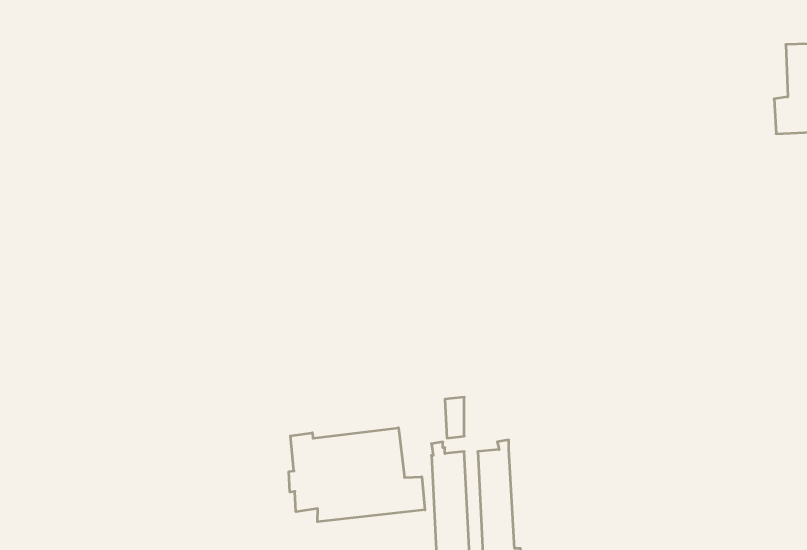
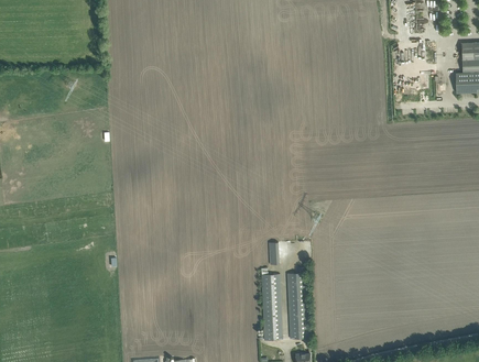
building: [289,428,425,522] -> none

